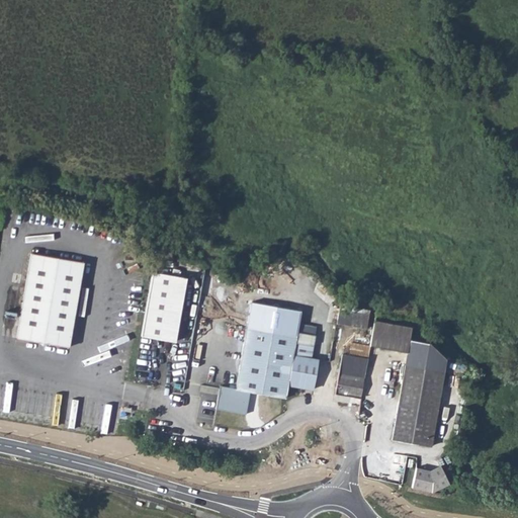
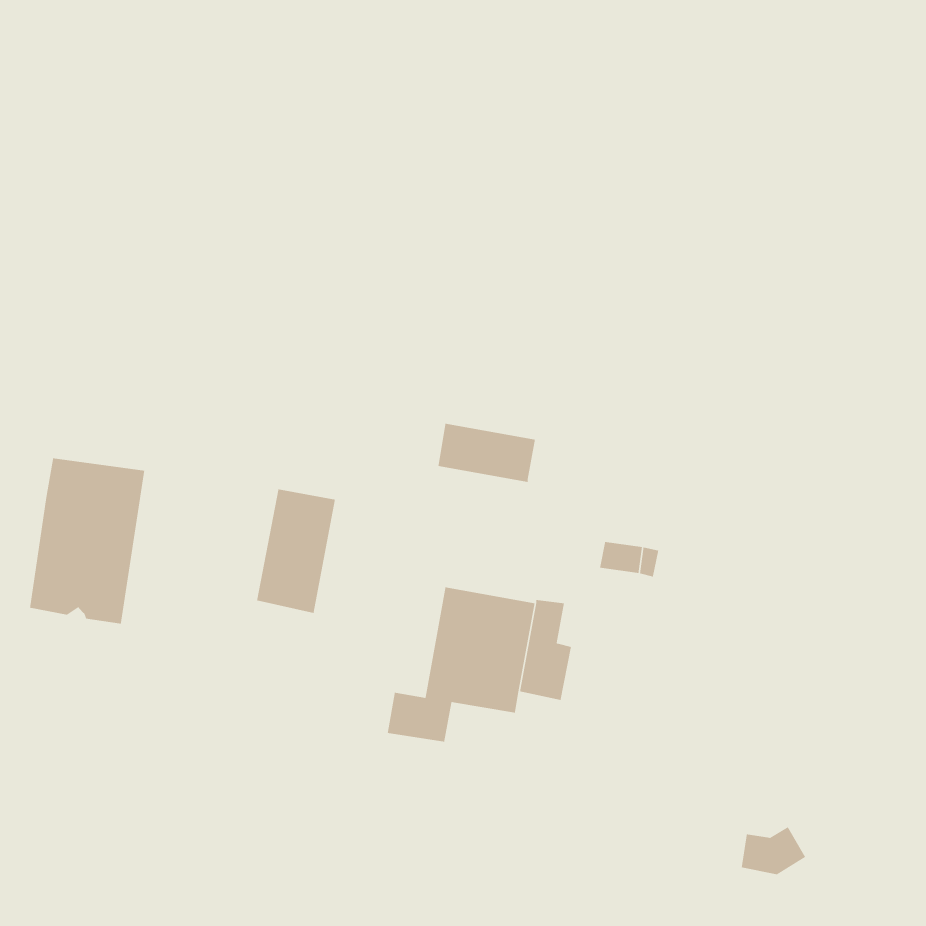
building: [249,304,304,337] -> [438,423,536,483]
building: [369,321,446,448] -> none
building: [337,353,369,398] -> none

